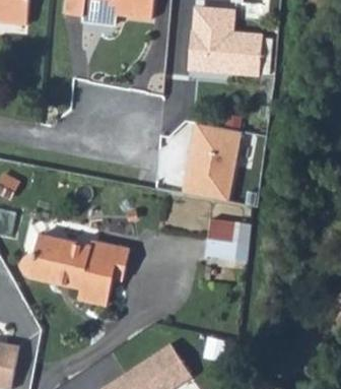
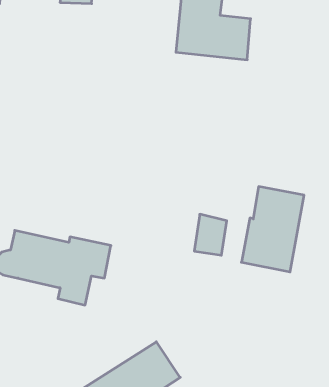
building: [184,124,243,204] -> [241,187,304,272]

